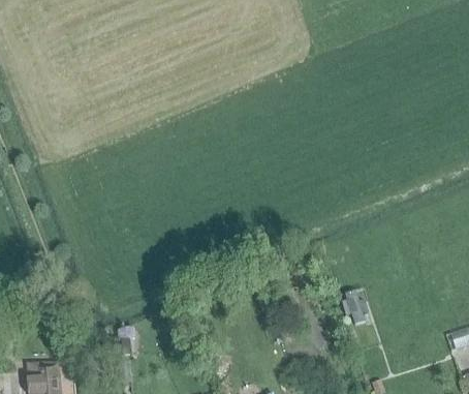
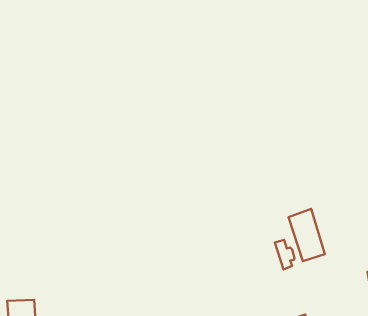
building: none -> [288,209,325,261]

